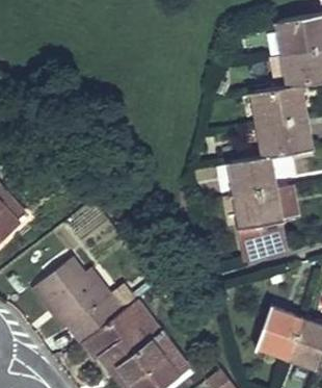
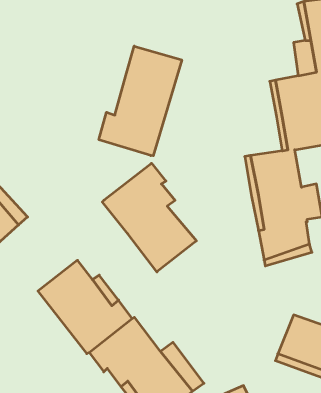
building: none -> [99,46,182,156]
building: none -> [102,163,196,272]

